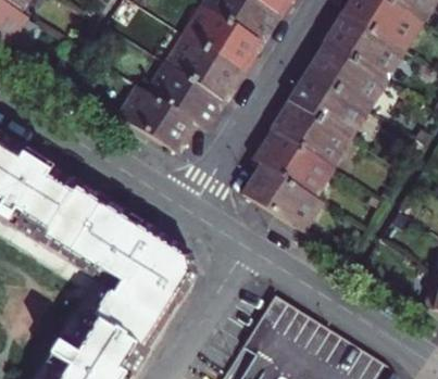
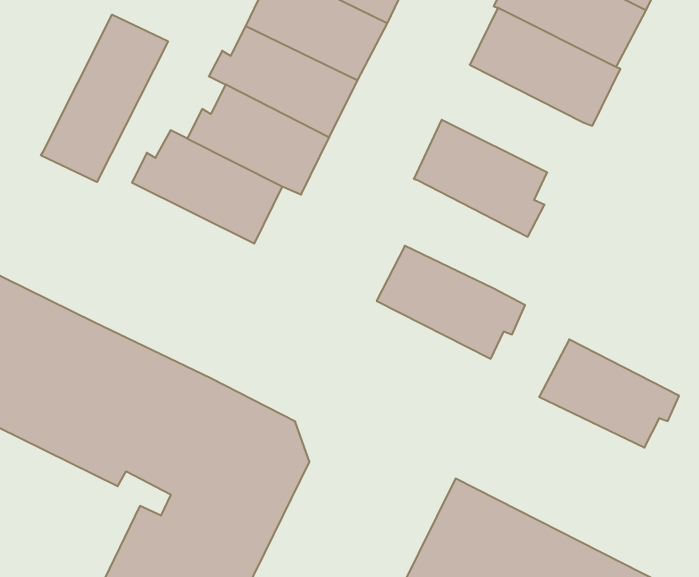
building: none -> [41,15,168,182]
building: [288,70,365,139] -> none
building: [252,129,328,192] -> [539,339,679,448]

